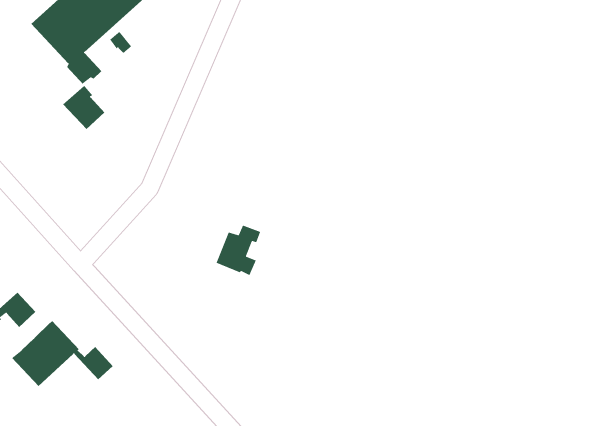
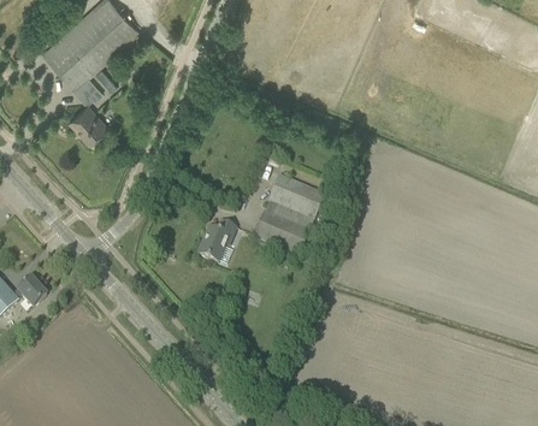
building: none -> [254,172,325,253]
building: [11,320,113,387] -> none

